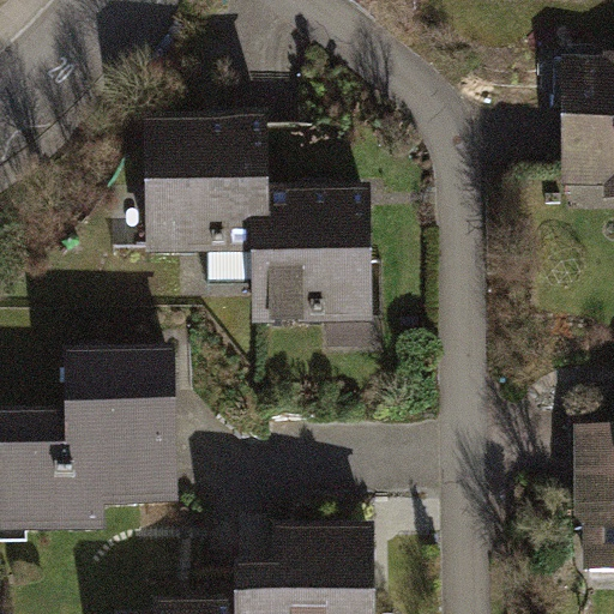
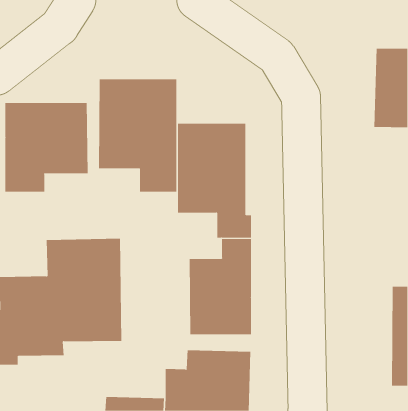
building: none -> [5,102,88,193]
building: none -> [189,238,251,335]

